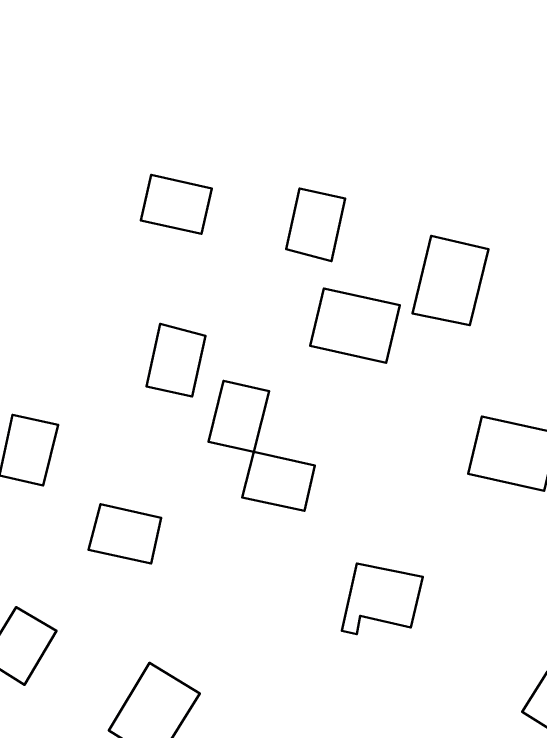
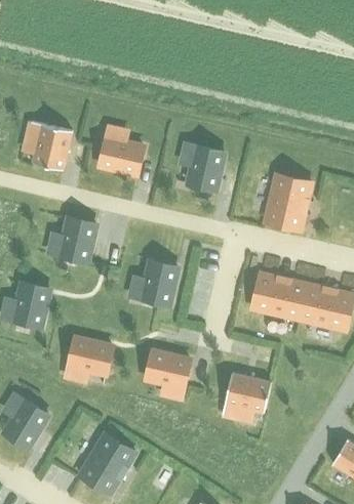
building: none -> [29,122,72,171]
building: [310,288,400,363] -> [252,275,307,320]
building: [147,324,206,397] -> [60,218,95,262]
building: [242,452,315,511] -> [146,351,190,387]

